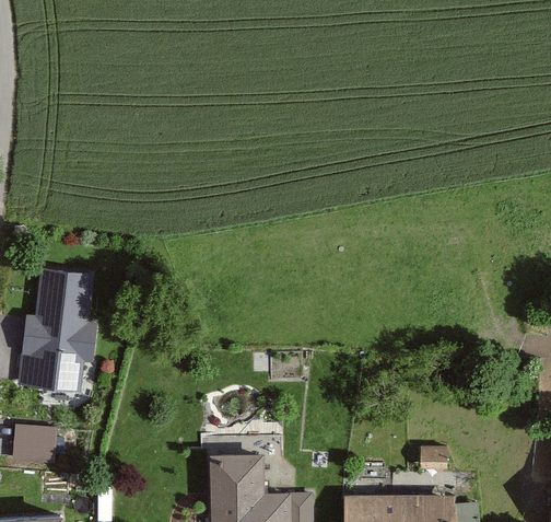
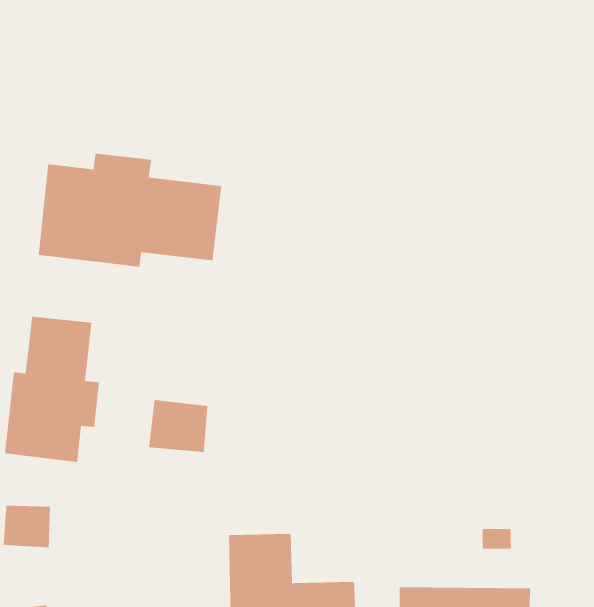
building: none -> [38,153,222,267]
building: none -> [149,399,208,453]

